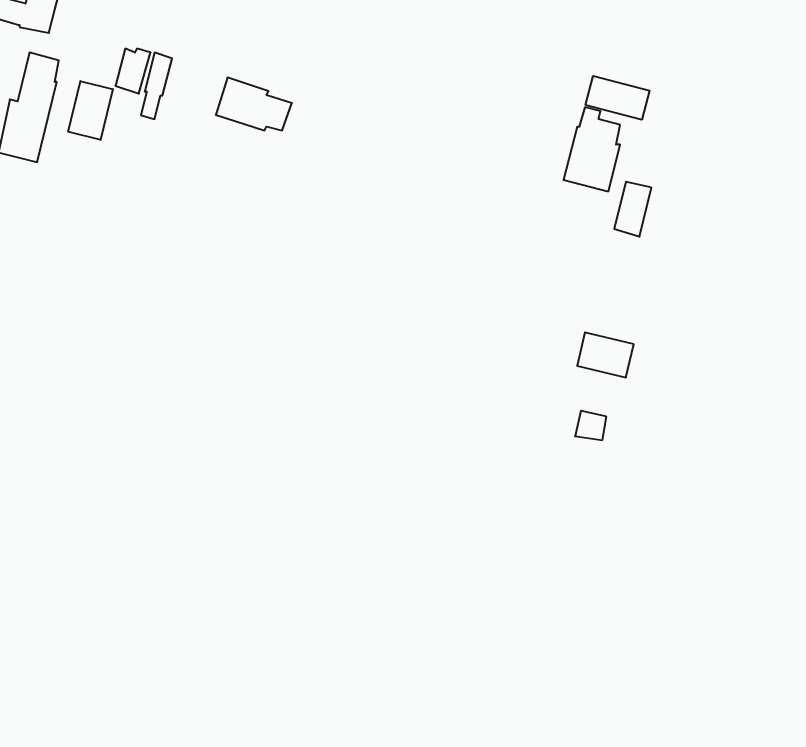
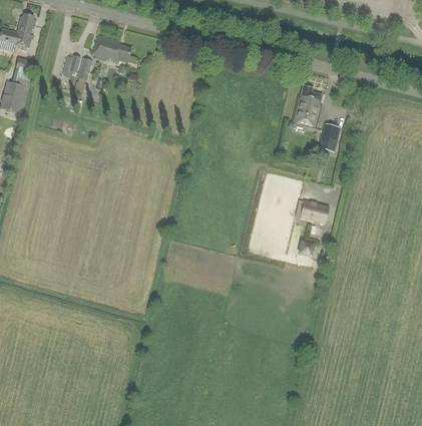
building: [586,76,650,120] -> none
building: [216,78,292,130] -> [92,34,131,61]
building: [68,81,113,140] -> none

